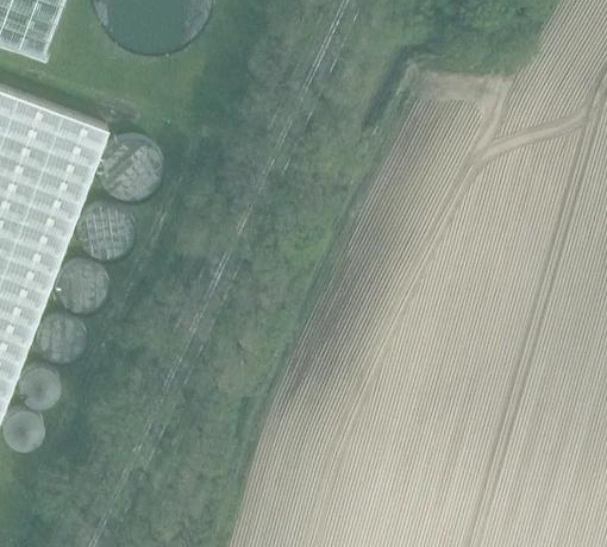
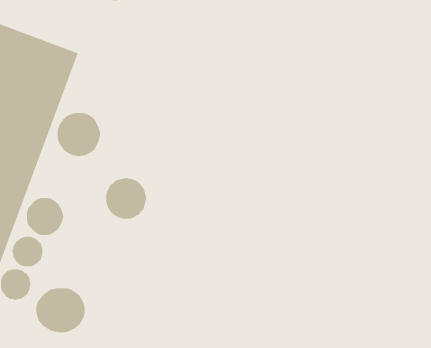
building: [96,136,163,202] -> none
building: [55,260,109,315] -> [105,177,147,219]
building: none -> [36,288,85,333]

